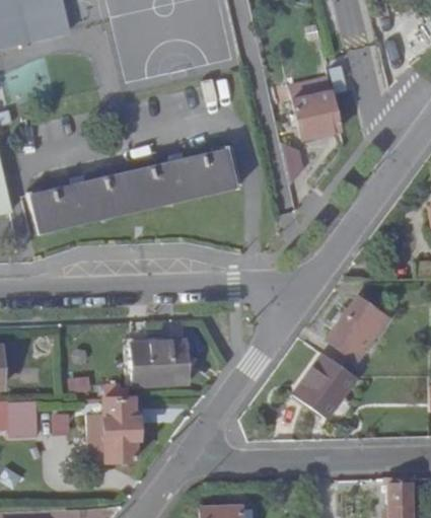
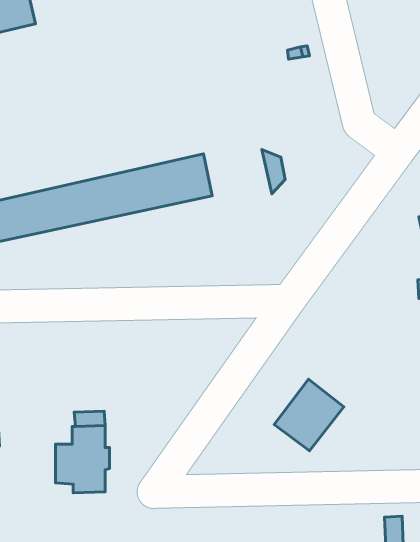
building: [290,91,340,136] -> none
building: [328,297,390,365] -> none
building: [136,341,192,384] -> none

